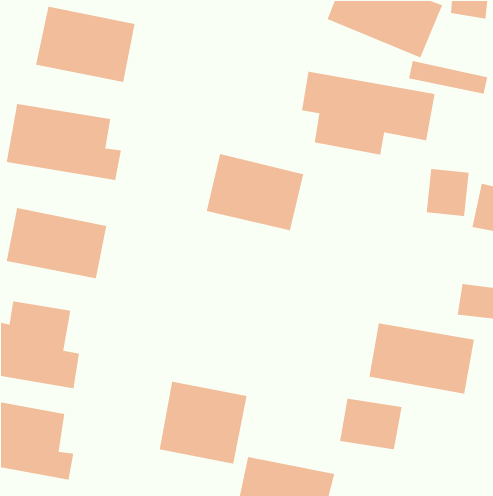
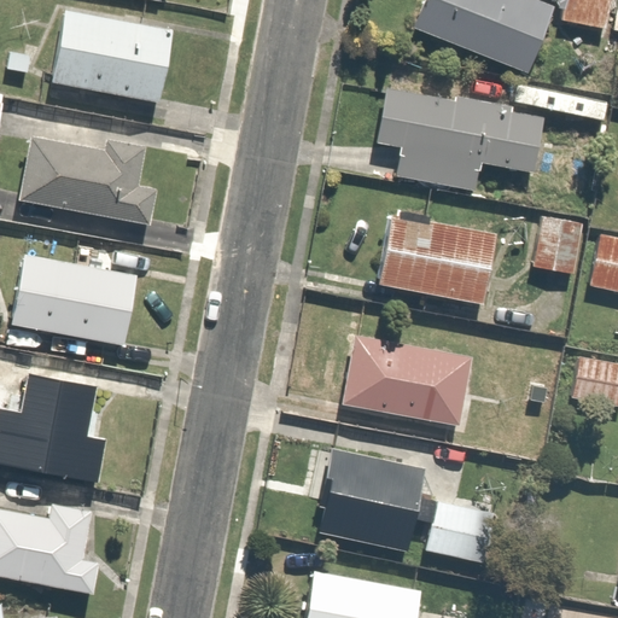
building: [206,153,304,231] -> [378,211,500,308]
building: [369,323,475,395] -> [340,336,472,425]
building: [159,381,247,464] -> [315,448,425,552]

